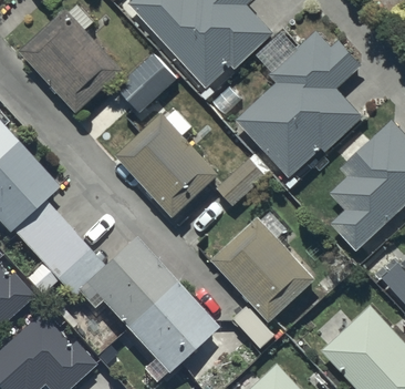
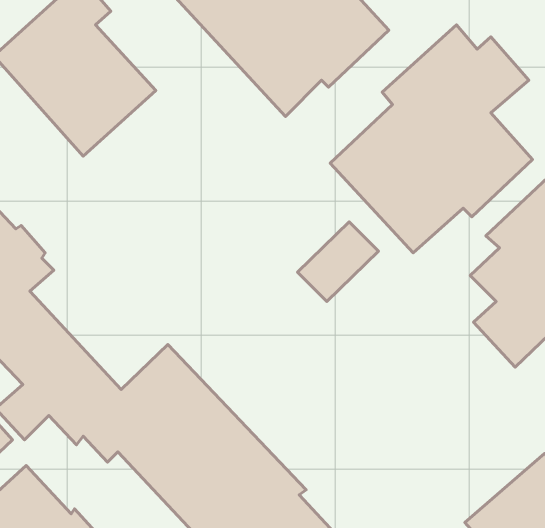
building: [115,51,178,114] -> none
building: [114,110,221,221] -> none
building: [205,214,313,323] -> none

